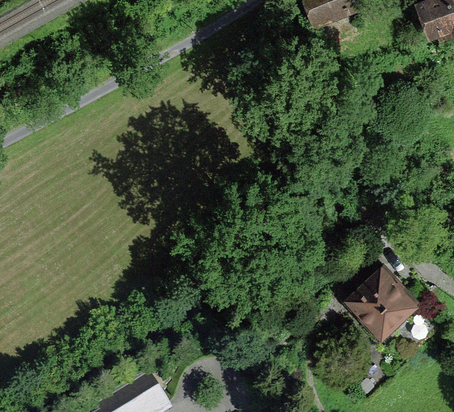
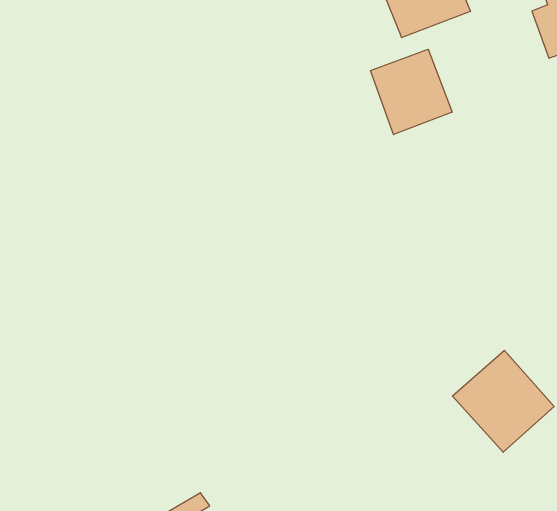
building: none -> [370,49,452,135]

